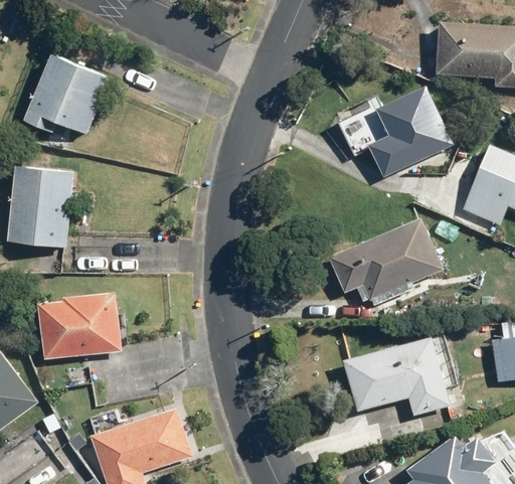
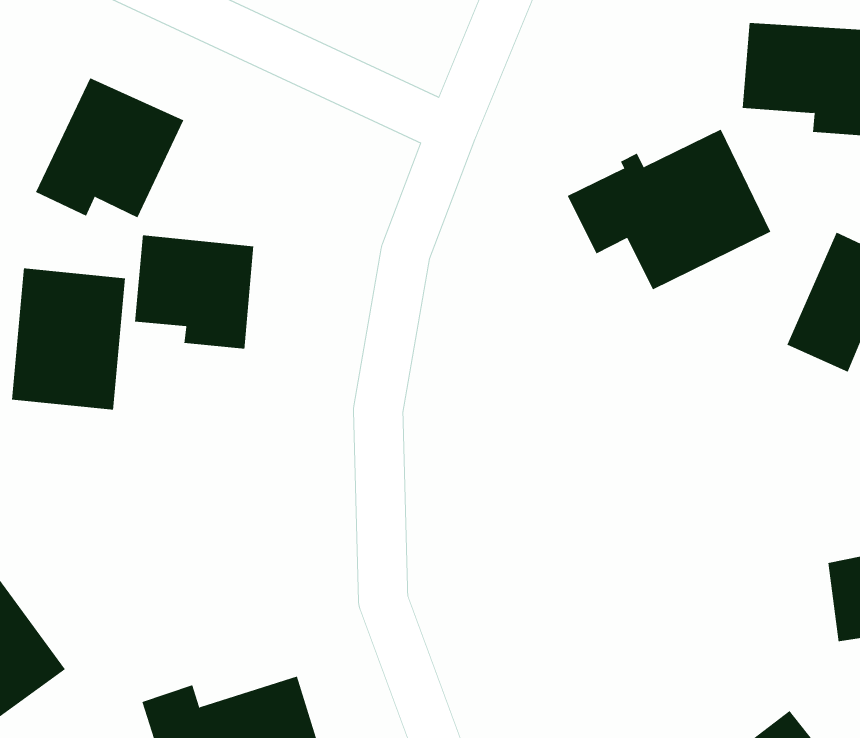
building: none -> [135,235,254,349]
building: [329,218,444,309] -> none
building: [40,292,121,358] -> none
building: [341,336,451,416] -> none

